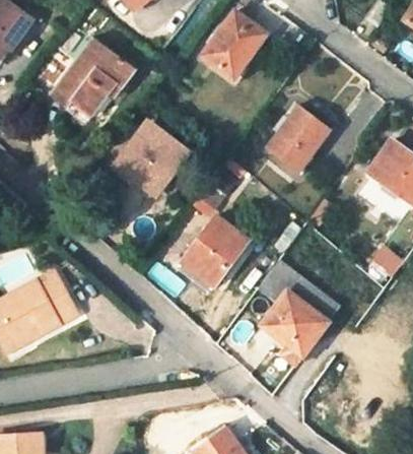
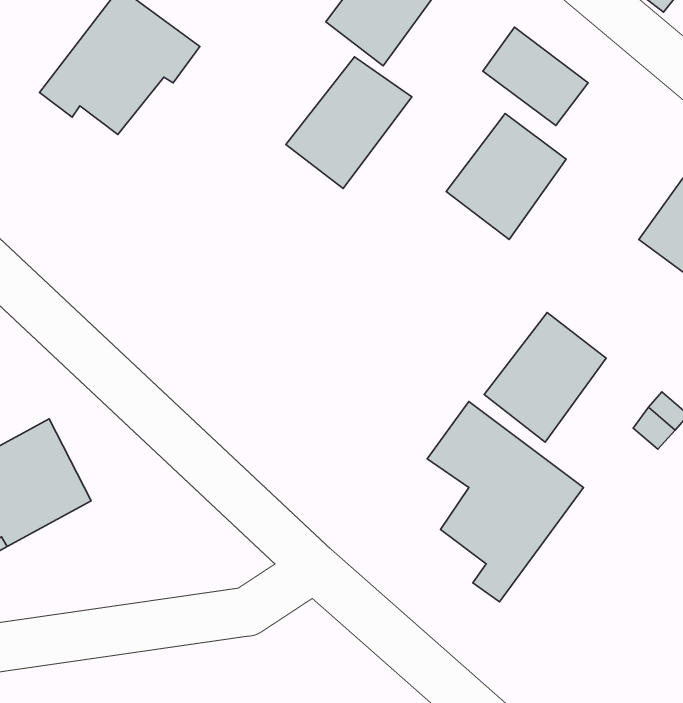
building: none -> [483,27,588,126]
building: [118,123,185,193] -> [286,57,412,188]
building: [185,217,250,286] -> [484,312,606,442]

